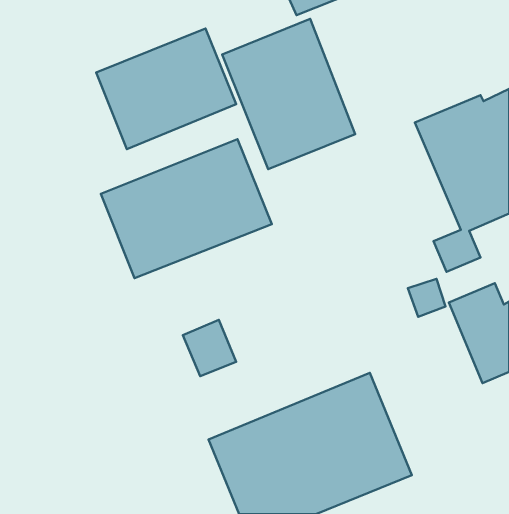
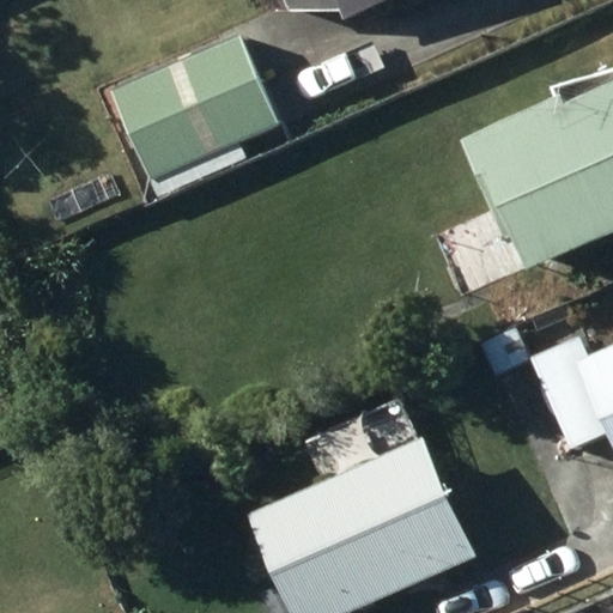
building: [222,19,355,169] -> none
building: [101,139,272,278] -> none

